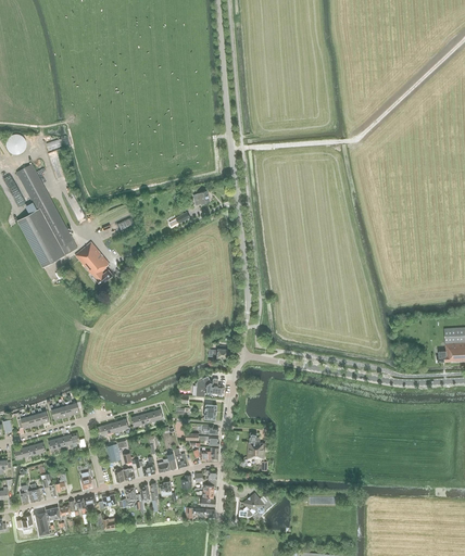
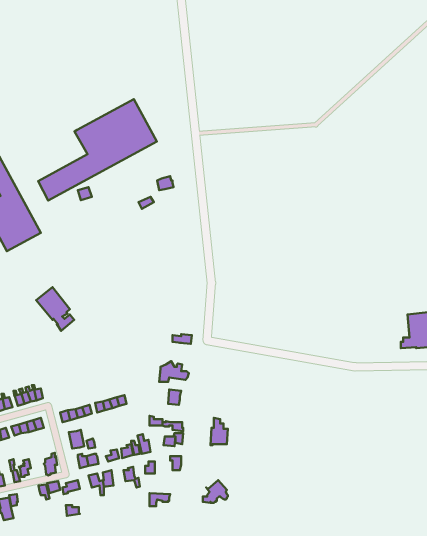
building: none -> [38,99,157,201]
building: [75,242,113,286] -> [36,287,74,331]

